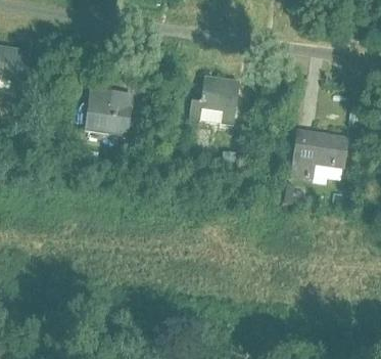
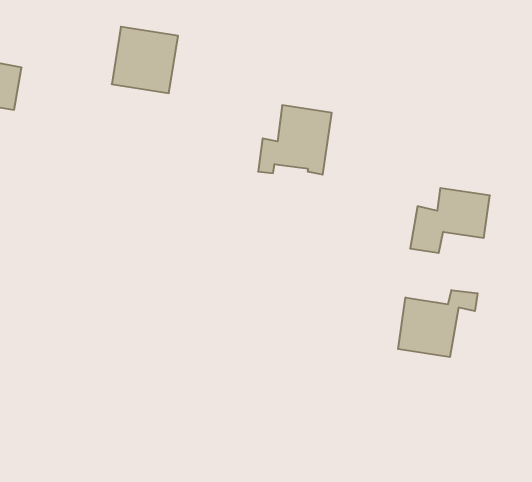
building: [86,89,131,134] -> [112,27,178,93]
building: none -> [398,290,478,357]

